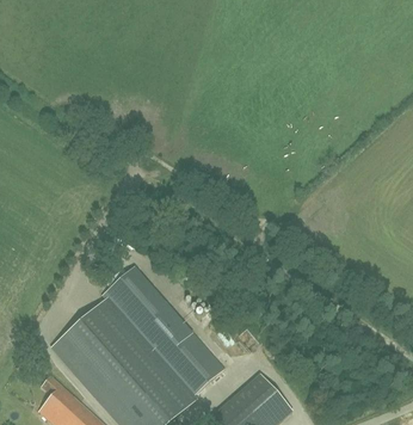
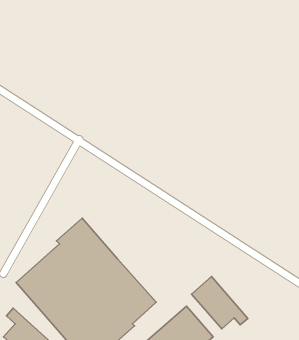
building: none -> [191,277,248,329]

